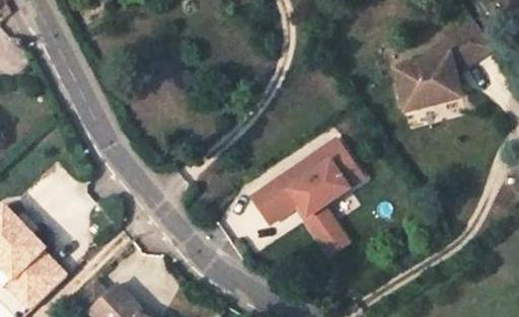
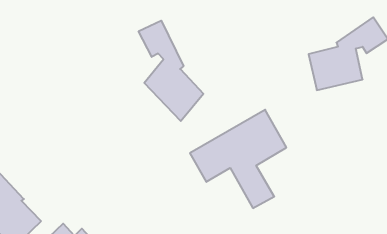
building: none -> [139,21,203,121]

